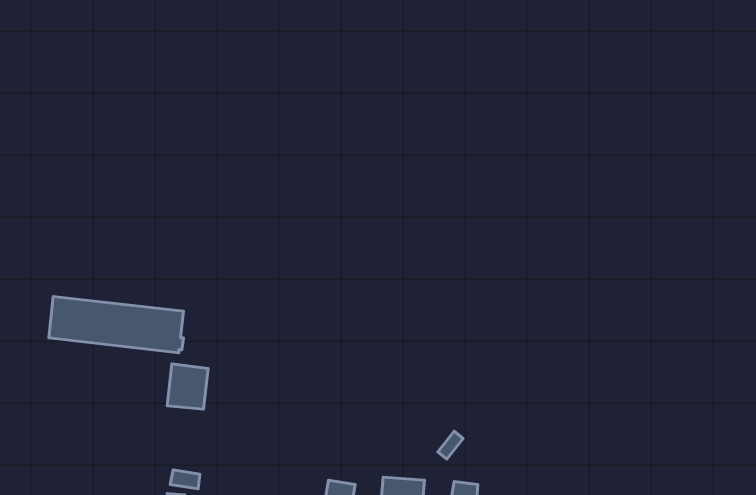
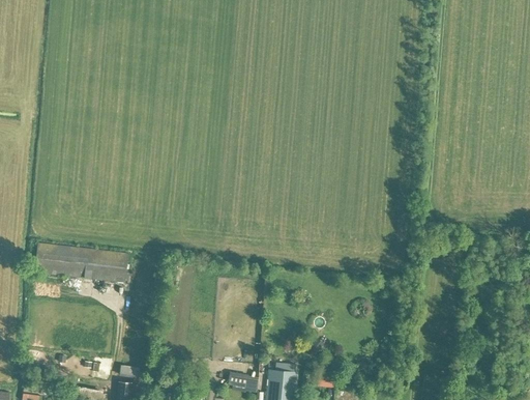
building: [167,364,208,409] -> none

